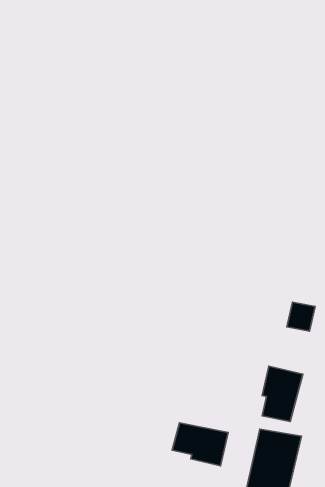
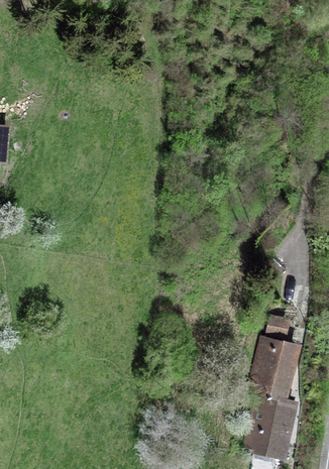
building: [172,423,228,466] -> none

